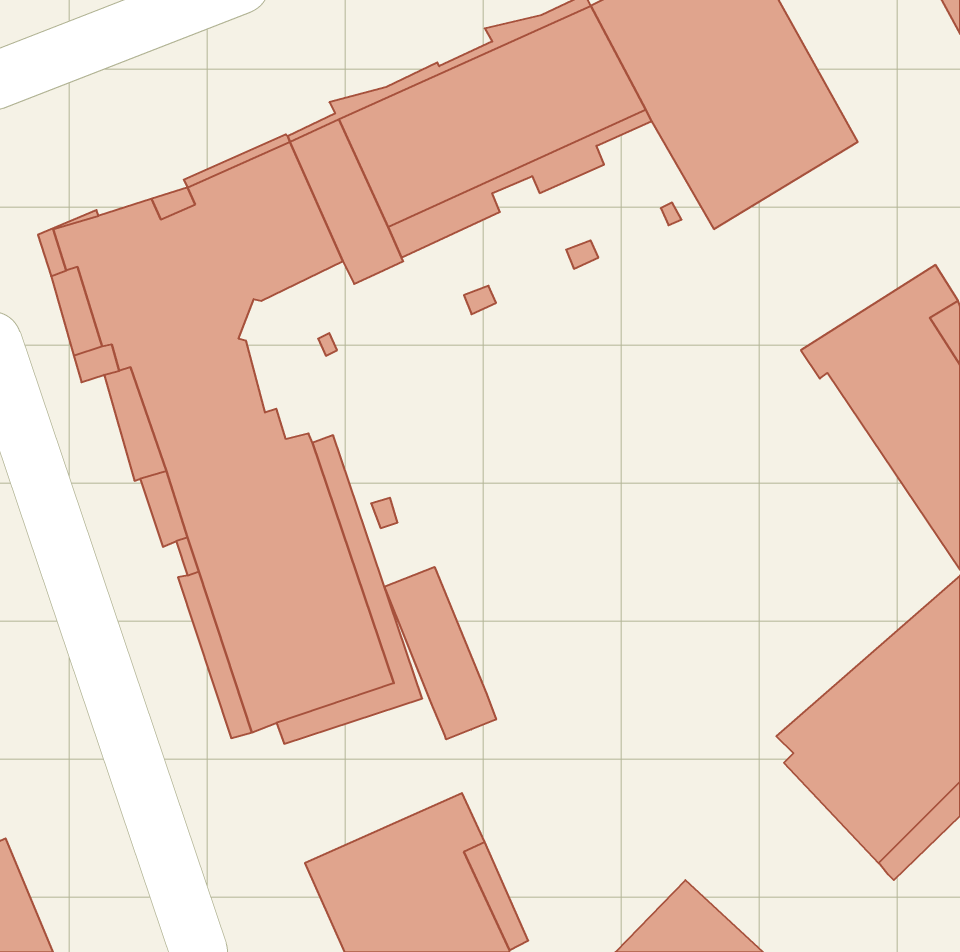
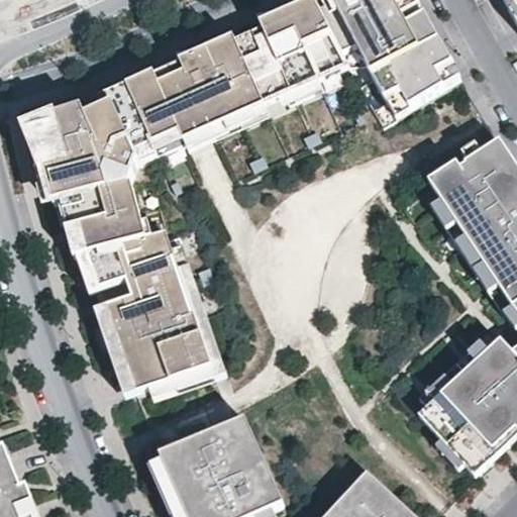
building: [384,567,496,739] -> none

